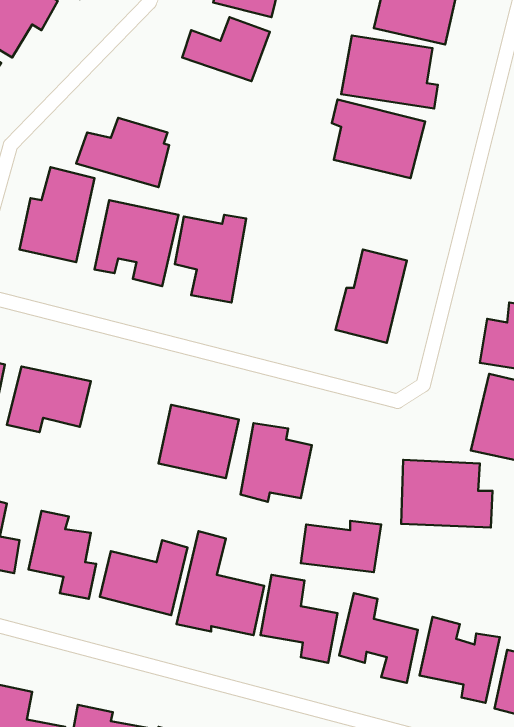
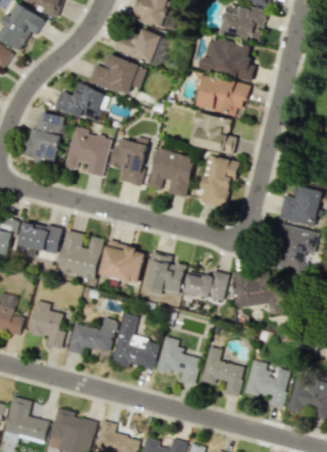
building: none -> [88,54,147,95]
building: none -> [193,112,235,153]
building: none -> [148,147,195,197]
building: none -> [58,230,103,279]
building: [301,521,381,572] -> [184,270,229,298]

